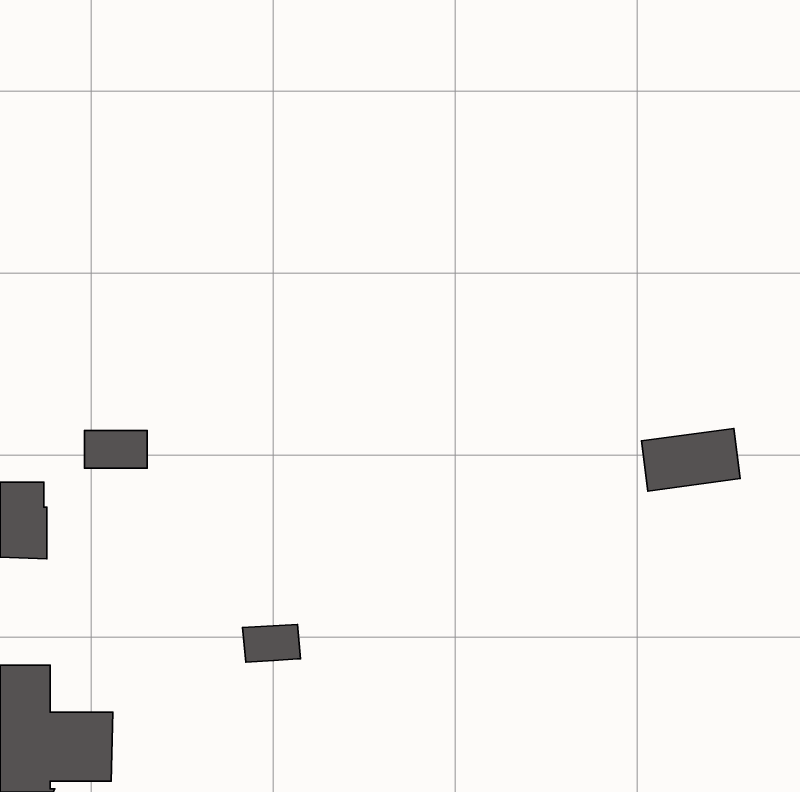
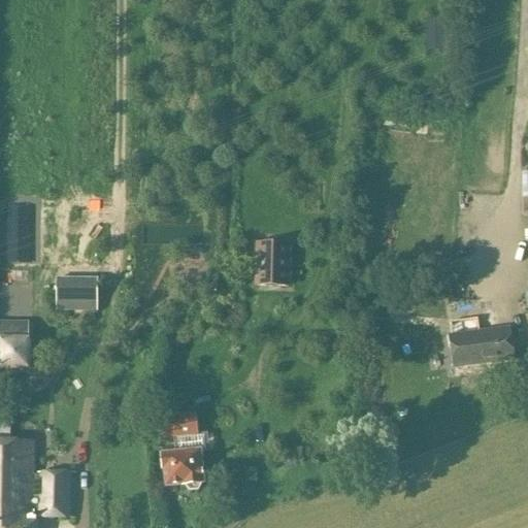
building: none -> [256,240,289,286]
building: [642,428,740,491] -> [450,324,515,365]
building: none -> [162,434,202,488]

